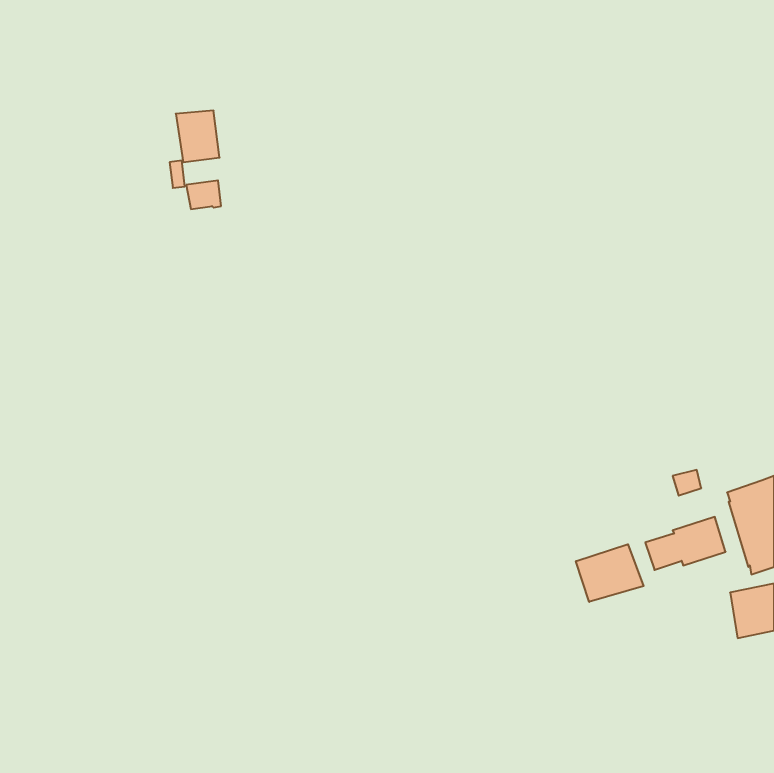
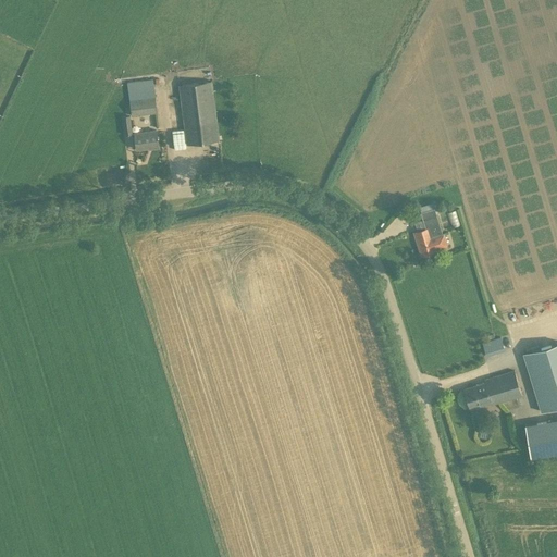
building: none -> [180,82,219,146]
building: none -> [414,210,447,257]
building: [576,544,644,602] -> none

